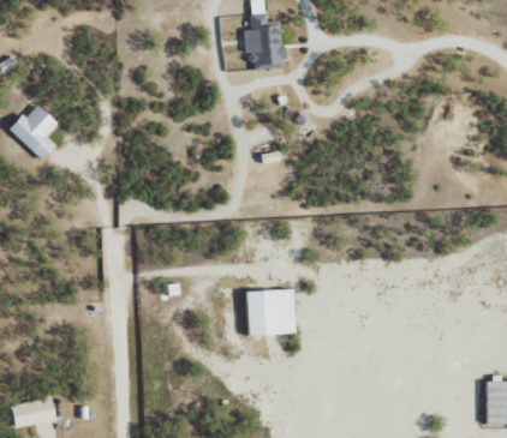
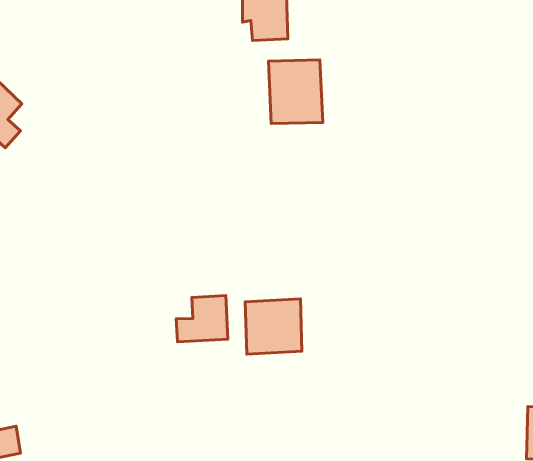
building: none -> [268,60,323,124]
building: none -> [176,296,228,342]

